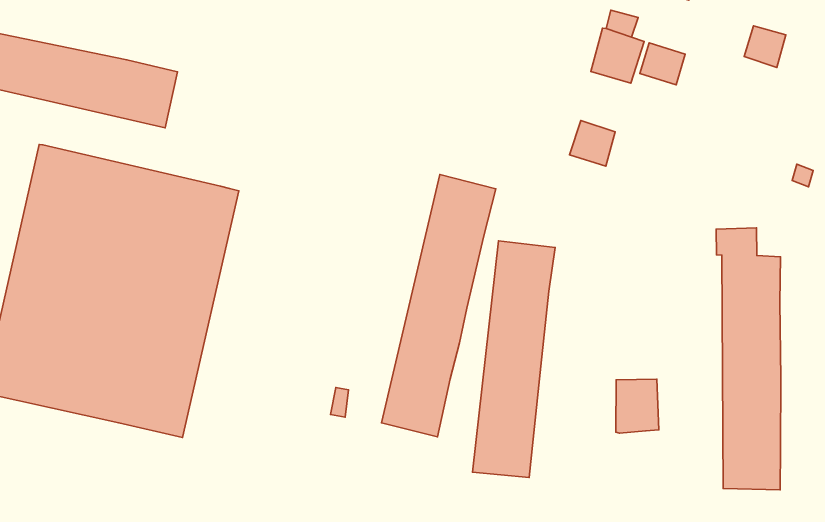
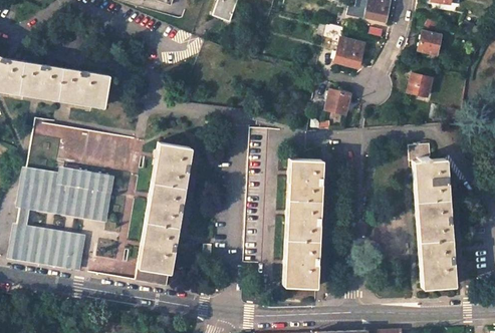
building: [640,43,685,85] -> [409,74,433,96]
building: [381,175,496,437] -> [138,140,193,284]
building: [616,379,659,433] -> none

